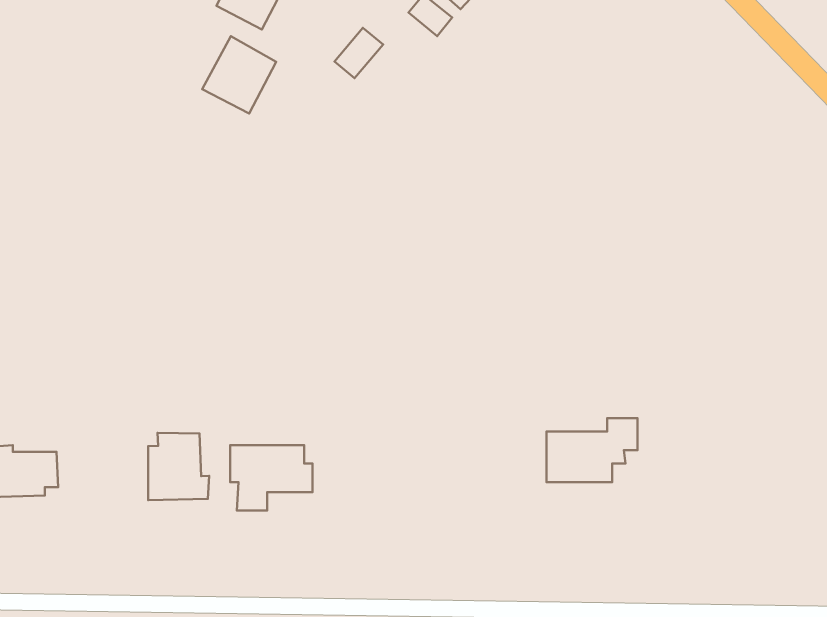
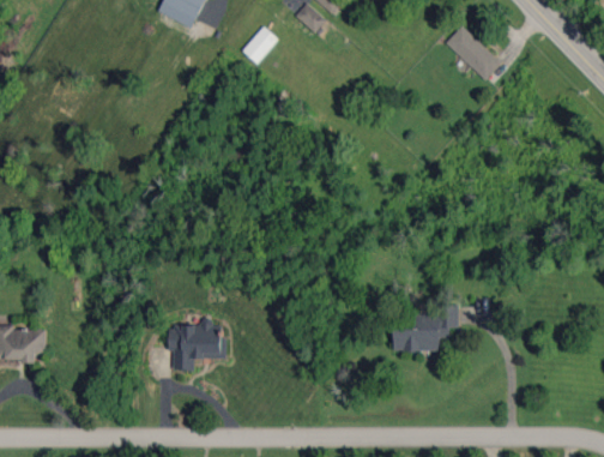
building: none -> [446,26,501,80]
building: [202,36,276,114] -> none
building: [148,433,209,500] -> none

